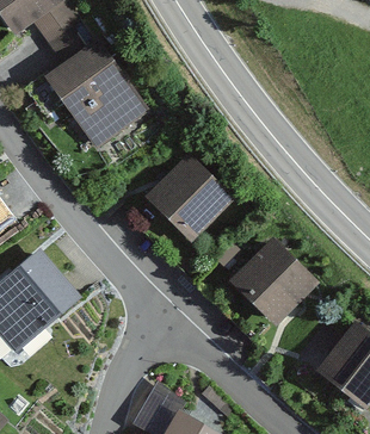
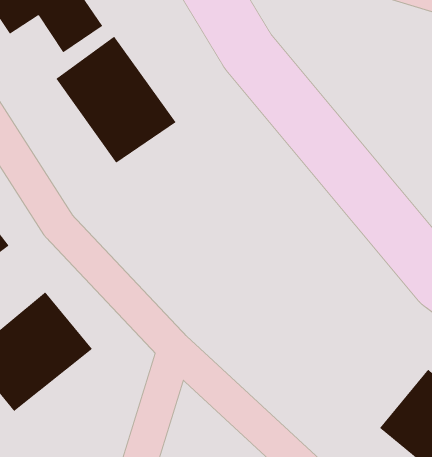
building: [144,156,235,247] -> none
building: [229,241,316,328] -> none

